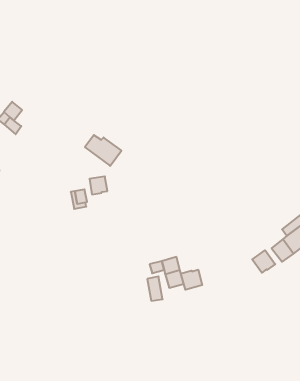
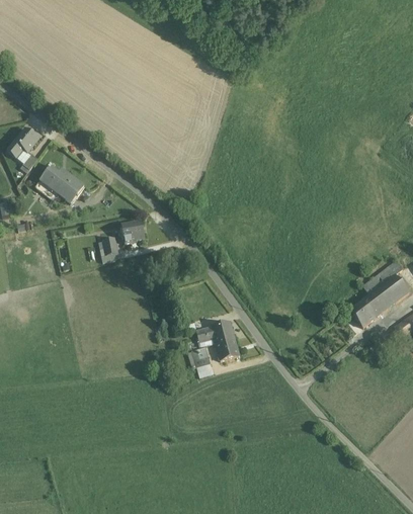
building: [85,135,121,166] -> [38,165,84,203]
building: [252,250,275,273] -> none
building: [181,270,202,290] -> none

